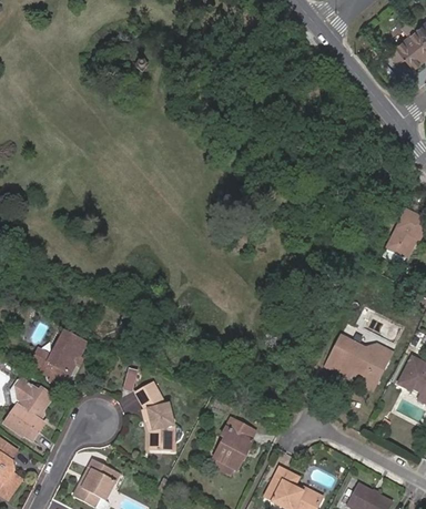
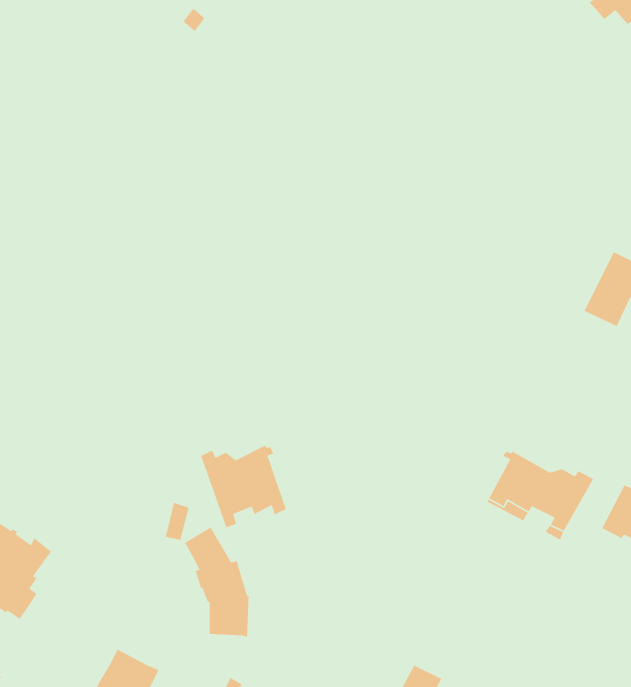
building: none -> [200,444,287,529]
building: [30,330,85,387] -> none
building: [214,418,254,475] -> none

